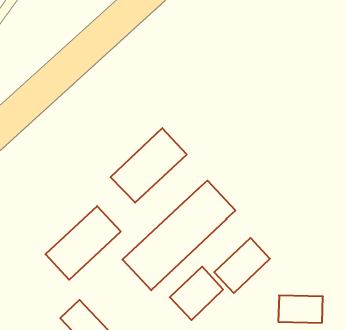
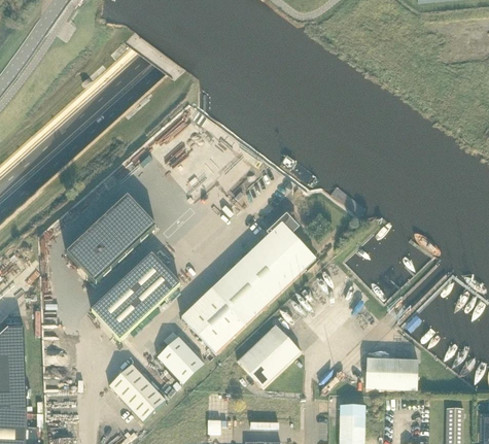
building: [111,128,187,203] -> [66,194,155,281]
building: [214,238,270,293] -> none
building: none -> [156,329,203,382]

